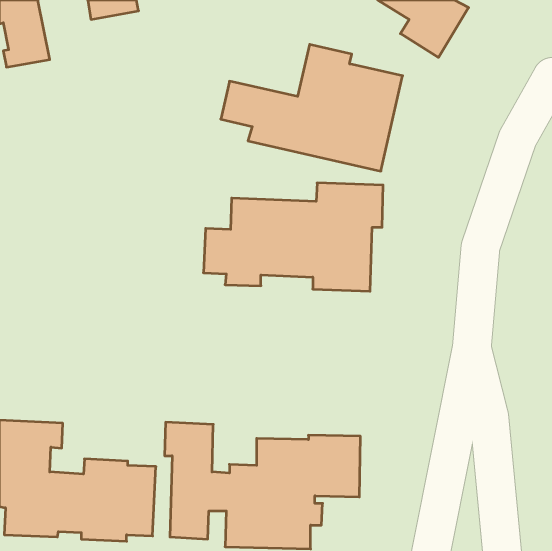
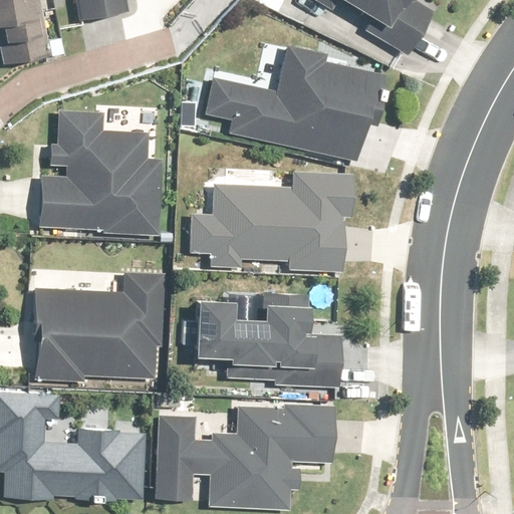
building: none -> [39,112,162,236]
building: none -> [34,273,166,380]
building: none -> [197,293,344,371]

